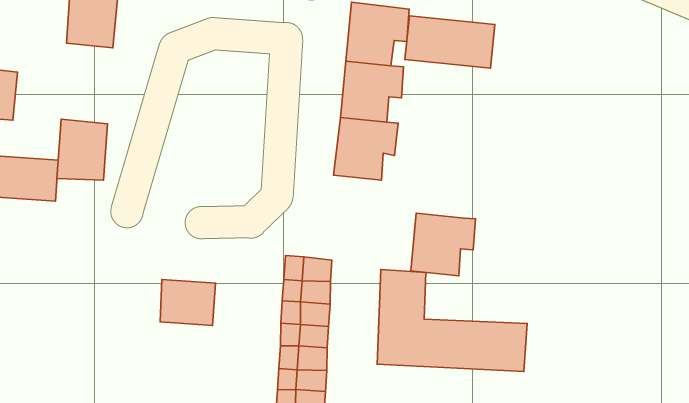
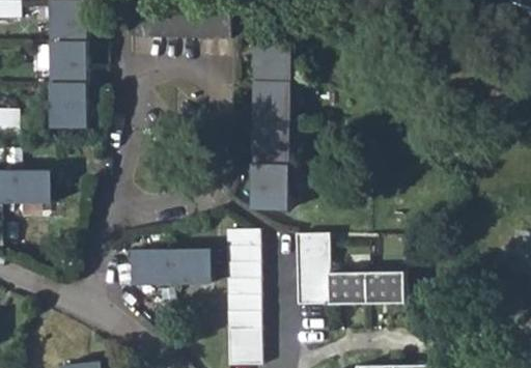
building: [405,16,495,68] -> none
building: [57,119,108,180] -> [51,85,85,129]
building: [411,213,475,276] -> [252,168,297,211]
building: none -> [172,253,212,284]

